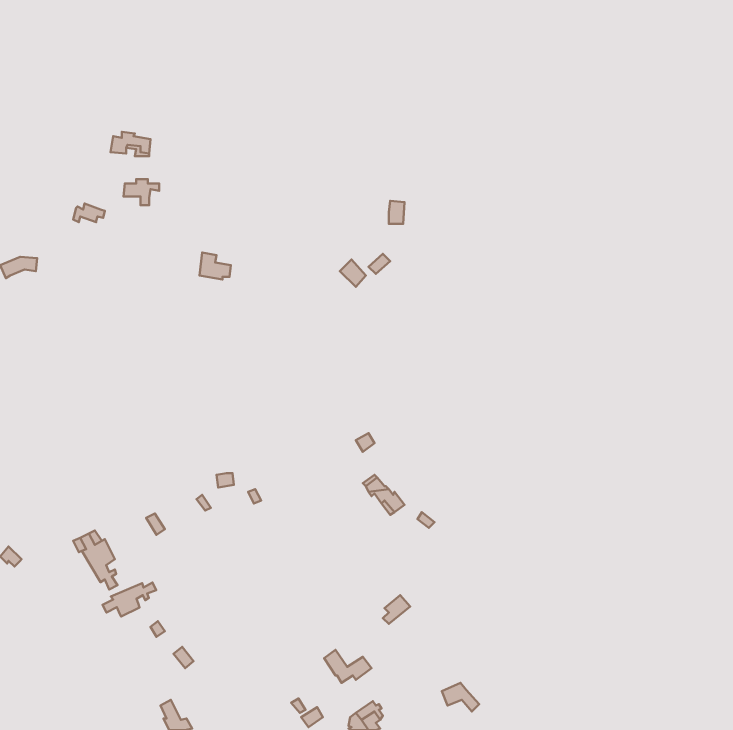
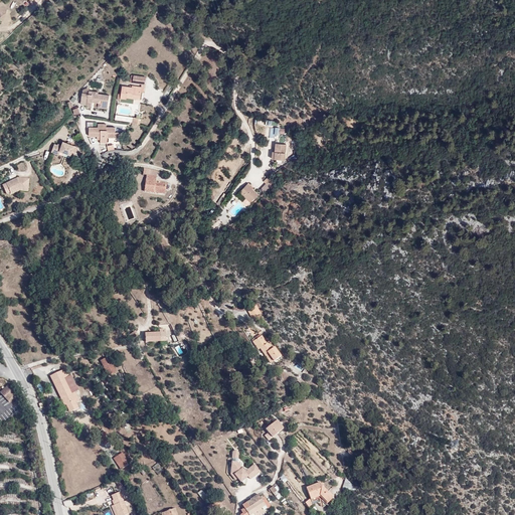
building: none -> [116,75,142,102]
building: [103,583,156,617] -> none

